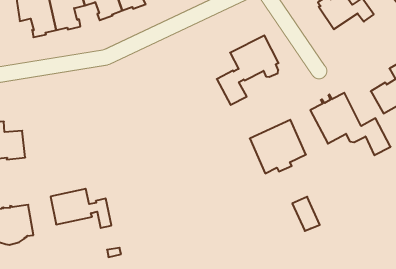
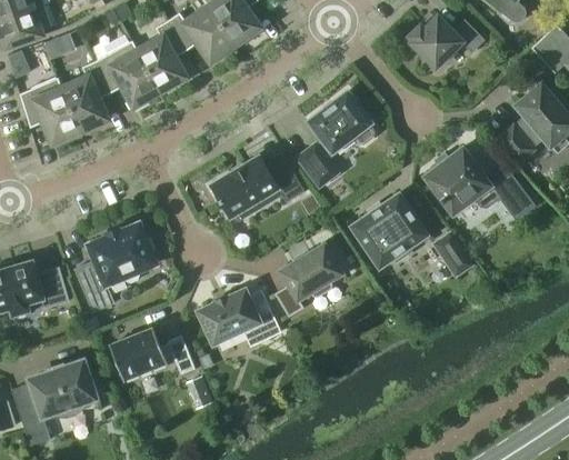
building: none -> [210,156,305,220]
building: none -> [74,222,156,311]
building: none -> [274,242,342,316]
building: none -> [197,288,280,343]
building: [292,197,320,231] -> [432,231,472,276]

